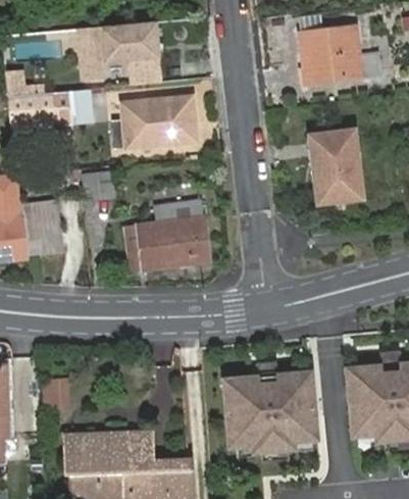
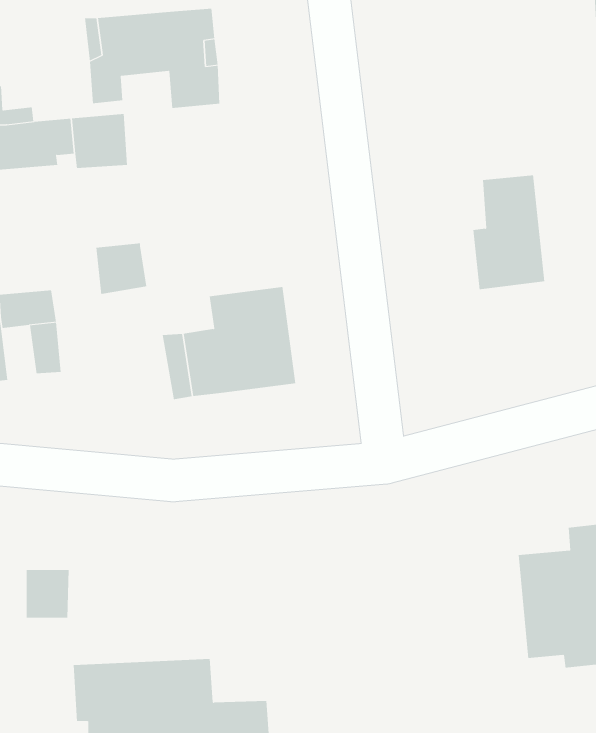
building: [305,29,380,86] -> none
building: [112,100,193,150] -> none
building: [224,359,315,450] -> none

